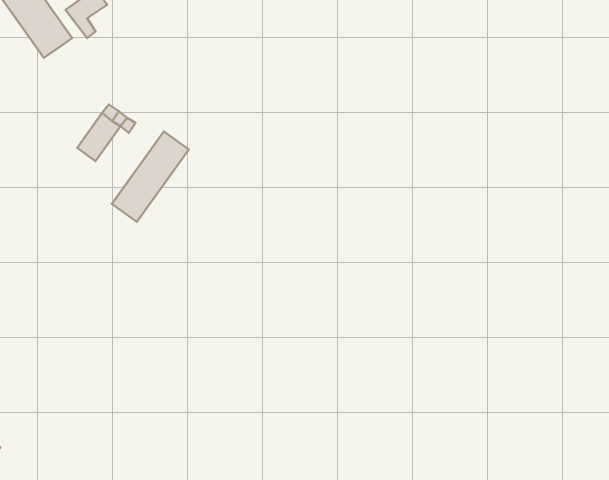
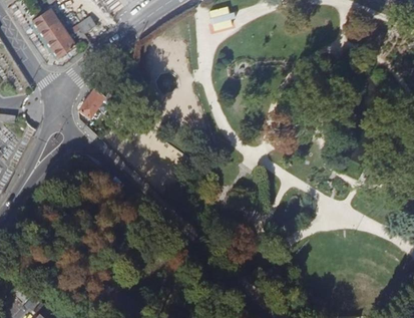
building: [112,131,189,222] -> none

